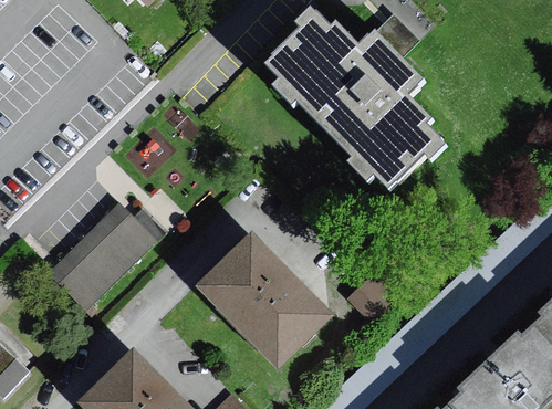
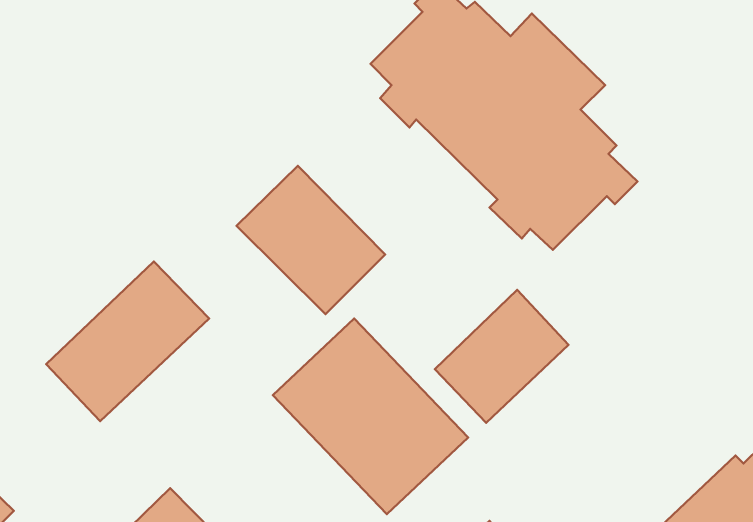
building: none -> [237,166,385,314]
building: none -> [435,290,568,423]

